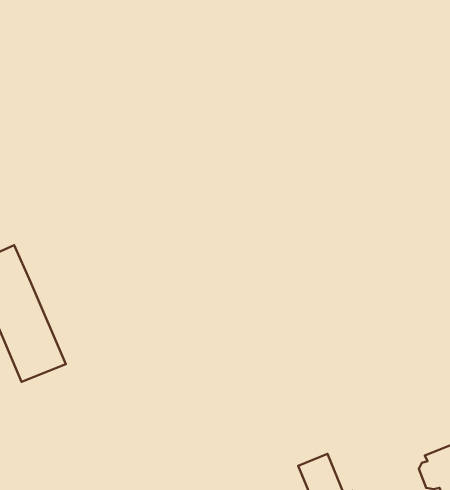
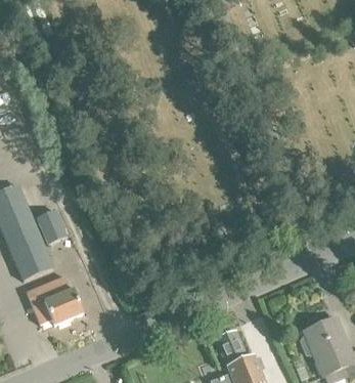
building: none -> [38,210,66,244]
building: none -> [27,276,83,325]

